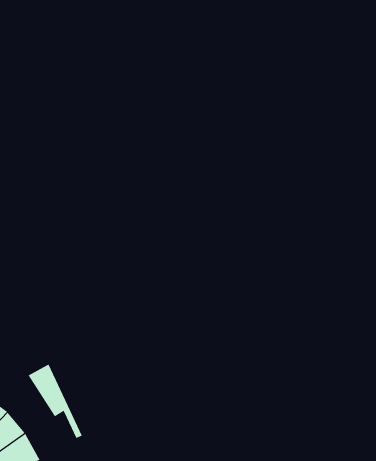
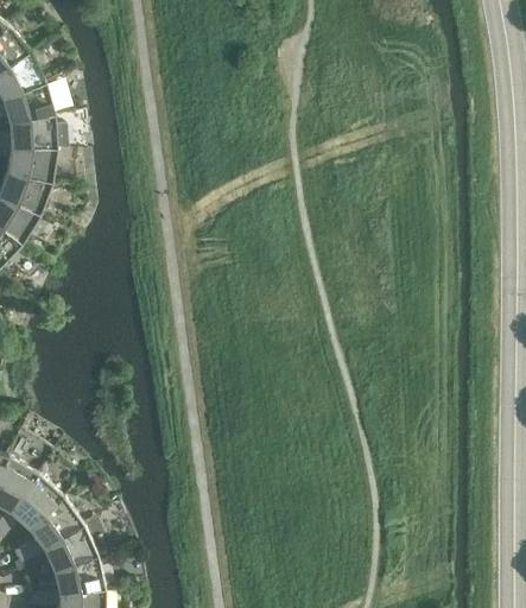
building: [28,364,82,439] -> none

